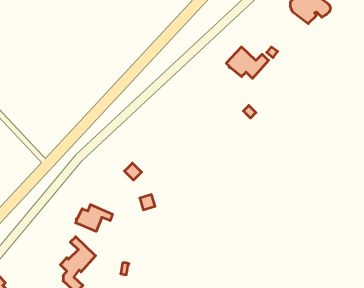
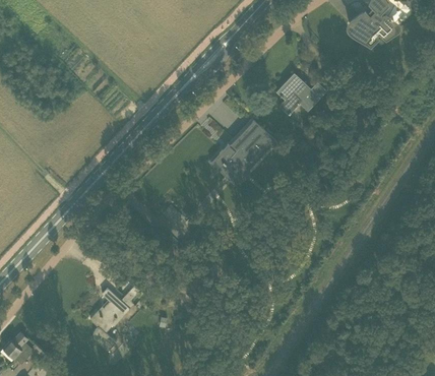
building: none -> [210,120,282,177]
building: [76,205,112,231] -> none

